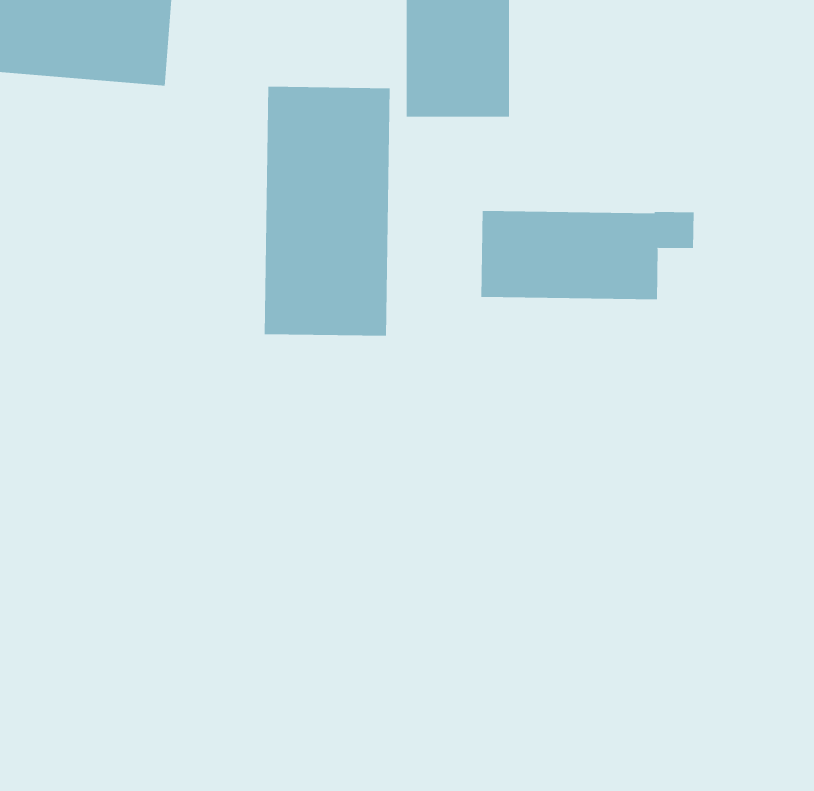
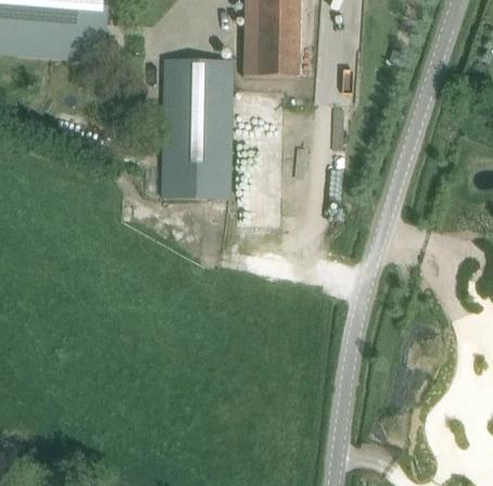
building: [481,210,694,300] -> none

